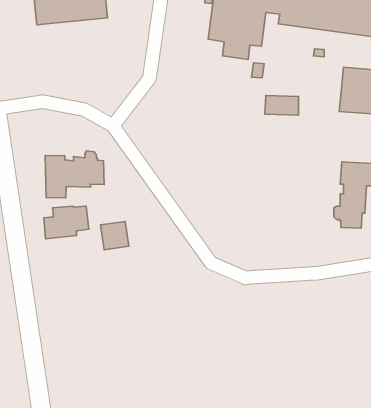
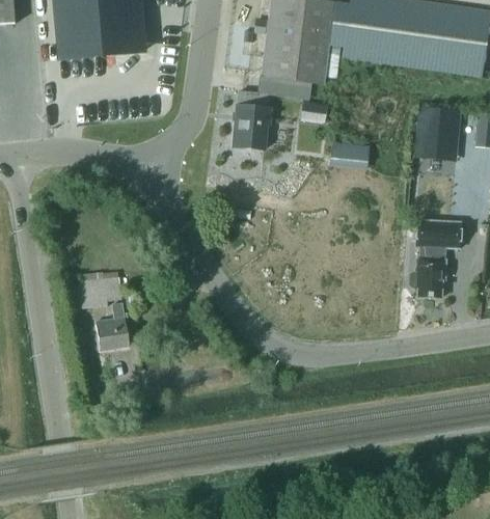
building: none -> [234,90,271,149]
building: [45,151,104,198] -> none
building: [101,221,129,250] -> [96,317,129,350]

